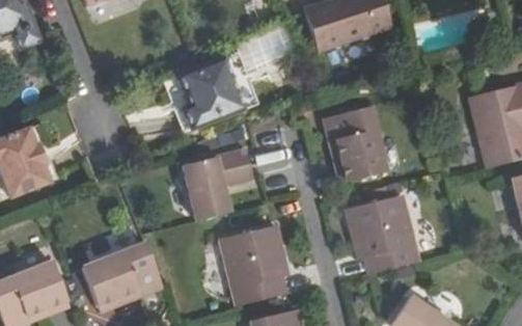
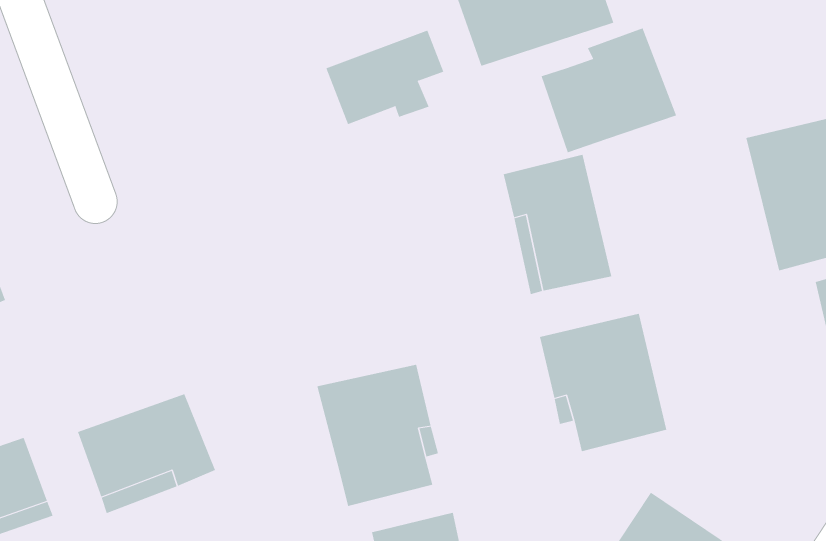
building: none -> [541,28,677,153]
building: [176,61,242,135] -> none
building: [185,147,255,218] -> none

